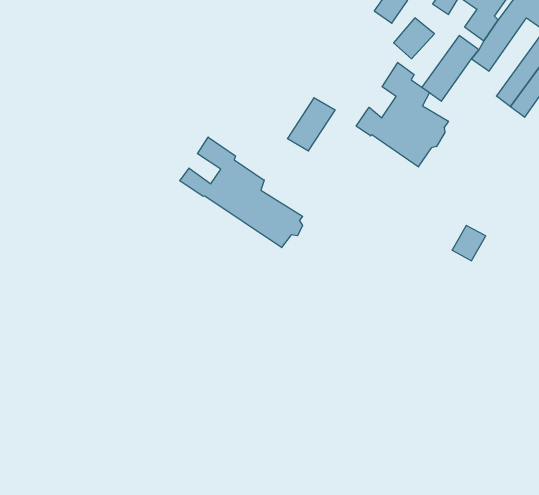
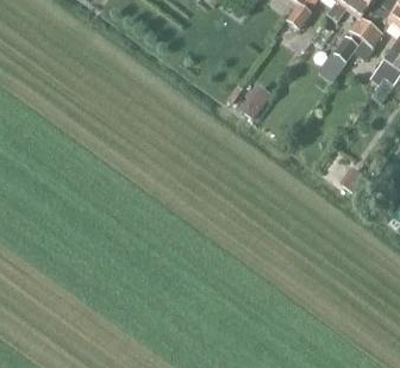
building: [356,62,448,167] -> none
building: [180,137,303,248] -> none

